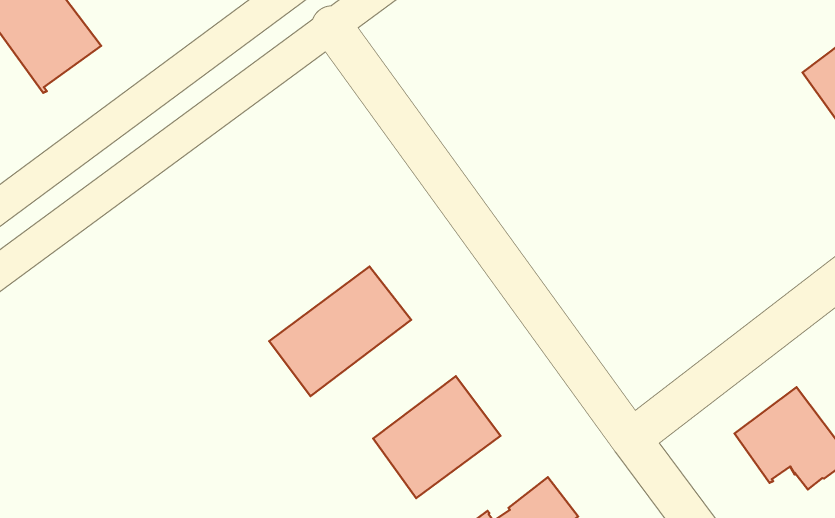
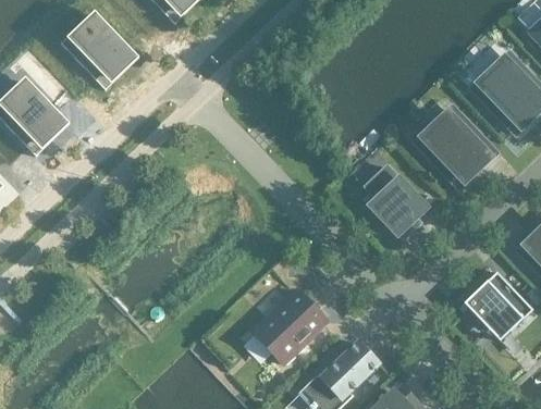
building: none -> [421,110,493,183]
building: none -> [366,164,427,238]
building: [269,267,411,396] -> none

